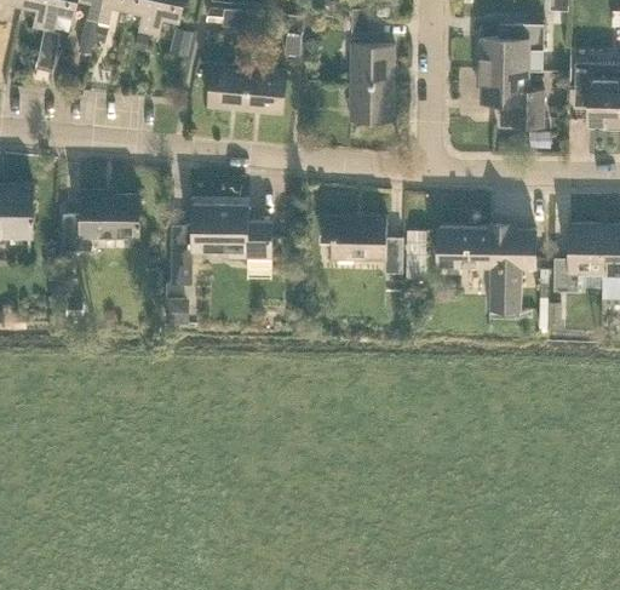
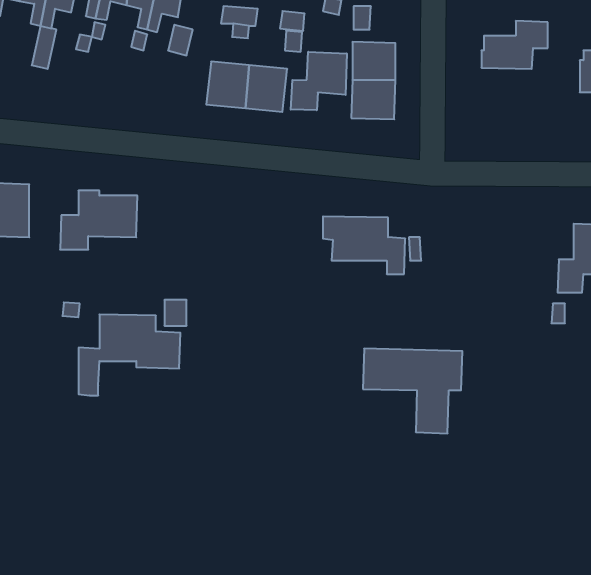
building: none -> [291,52,347,110]
building: [478,69,542,126] -> none
building: [172,204,272,283] -> [79,314,180,395]
building: [437,227,535,310] -> [363,349,462,433]

